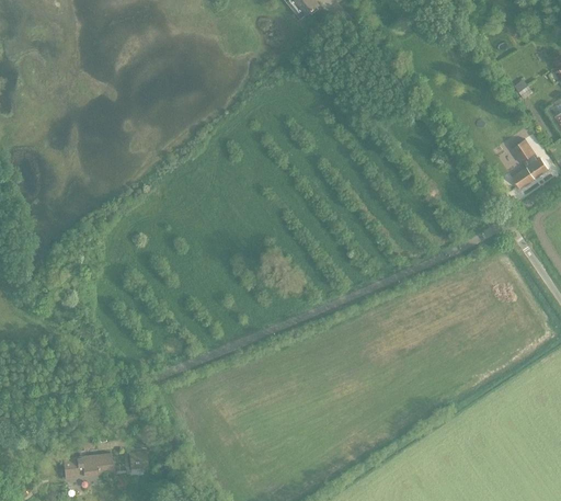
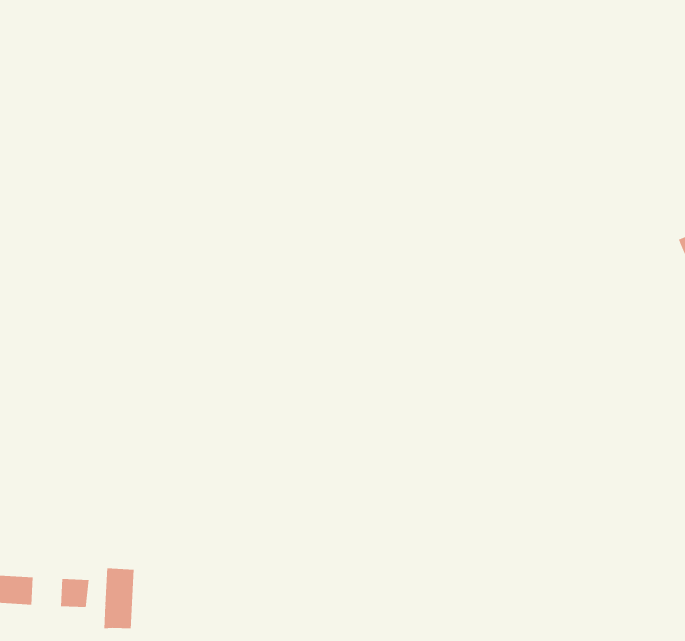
building: none -> [104,568,134,629]

